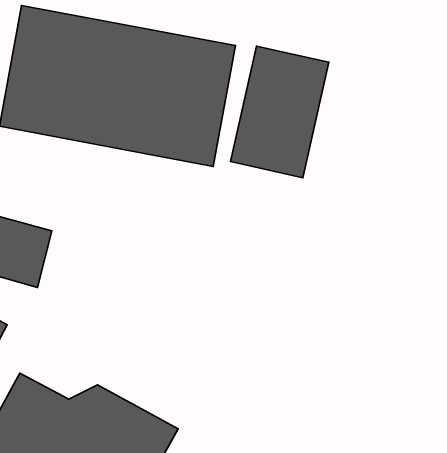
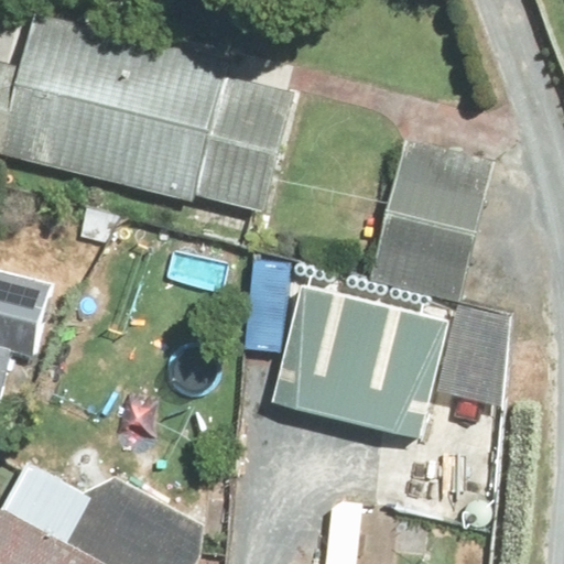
building: [230,46,329,178] -> [367,143,488,305]
building: none -> [269,284,449,442]

